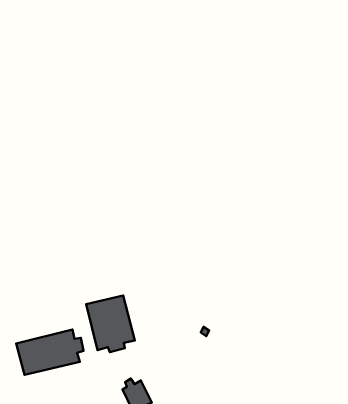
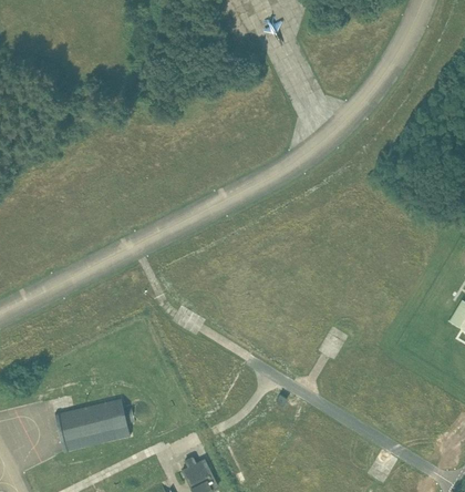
building: [86,296,135,352] -> none

